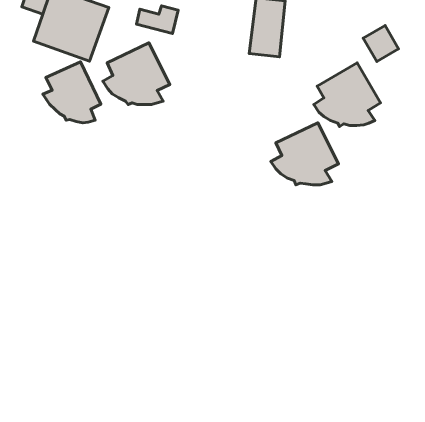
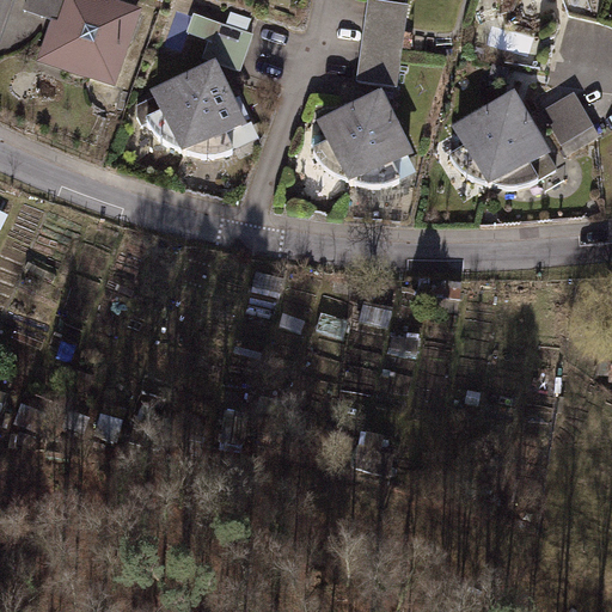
building: [363,25,398,61] -> [540,87,590,139]
building: [43,62,101,123] -> none
building: [271,123,339,185] -> [311,91,408,179]

